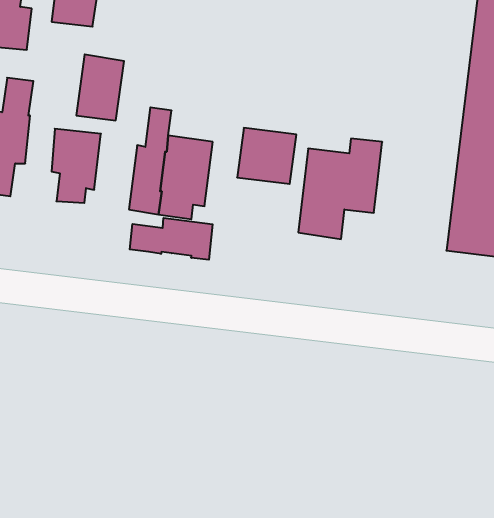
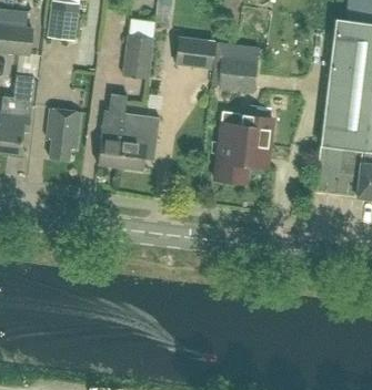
building: none -> [174,35,214,69]
building: [76,54,124,120] -> [122,34,154,79]
building: [237,128,296,184] -> [218,55,258,93]
building: [130,218,213,260] -> none

